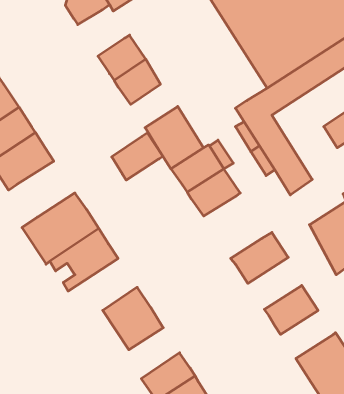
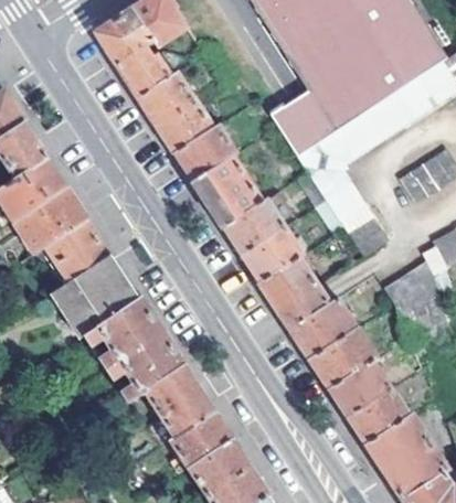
building: none -> [114,44,168,97]
building: none -> [289,106,331,148]
building: [112,133,163,180] -> [174,125,233,179]
building: none -> [44,217,110,281]
building: none -> [258,257,326,329]
building: none -> [309,328,374,387]
building: none -> [103,329,182,399]
building: none -> [347,388,407,443]
building: none -> [168,408,231,467]

